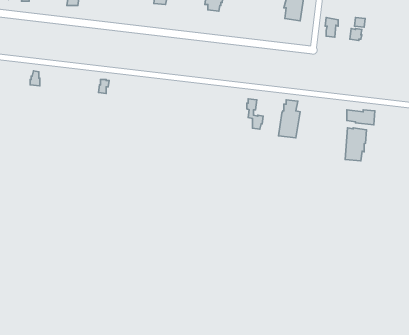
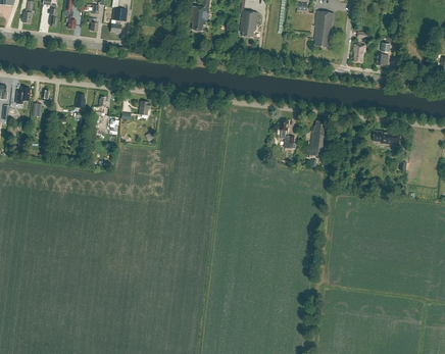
building: [345,128,367,161] -> none

